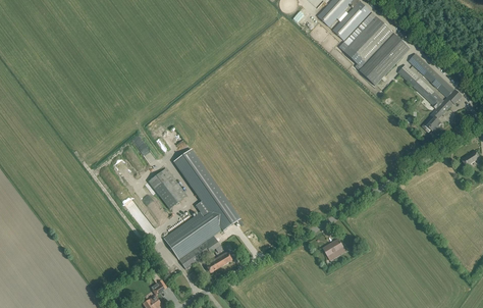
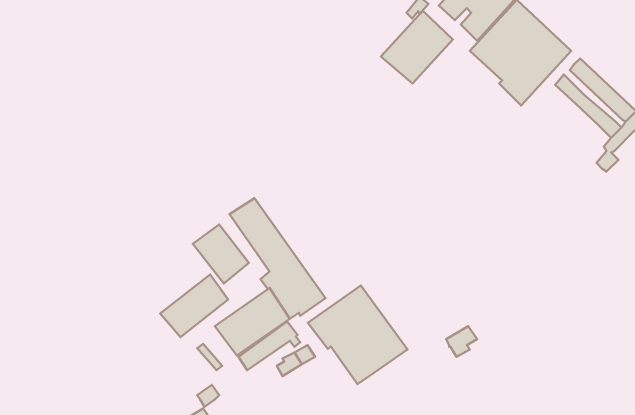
building: none -> [381,11,453,84]
building: none -> [160,275,228,337]
building: none -> [308,286,407,384]

